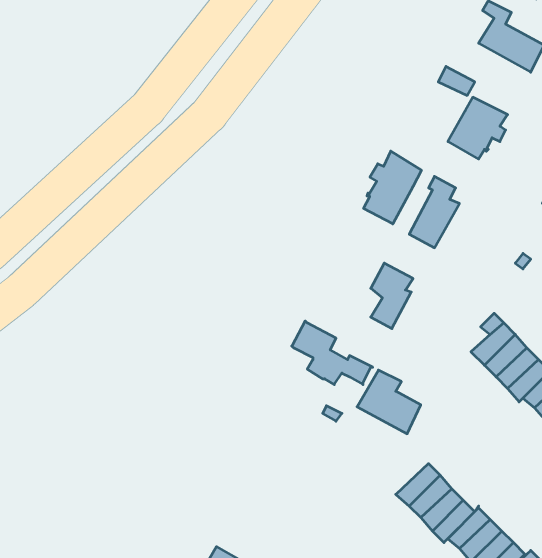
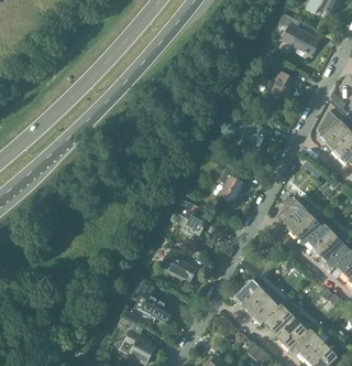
building: [364,151,421,224] -> none
building: [357,370,421,434] -> [161,247,197,283]
building: none -> [142,278,176,322]

